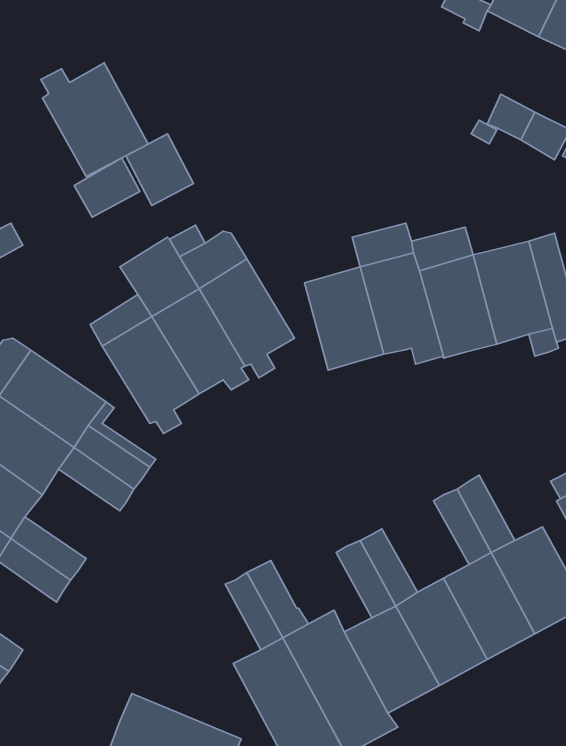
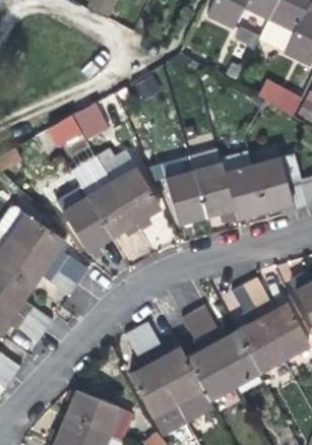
building: [41,63,148,177] -> none

